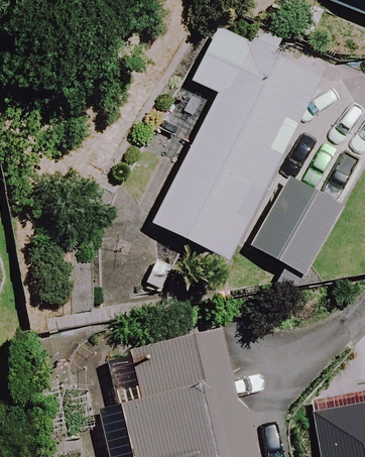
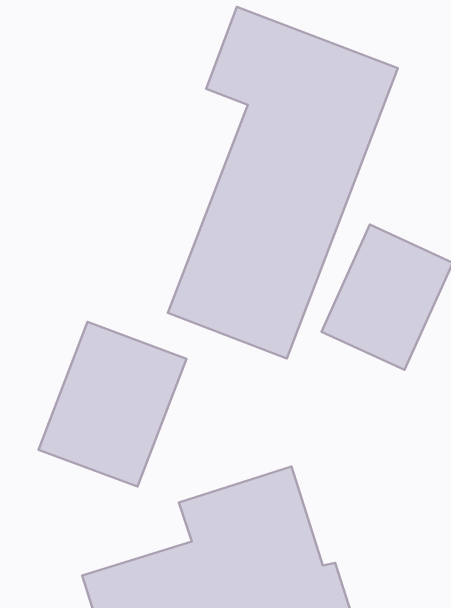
building: none -> [39,322,186,487]

